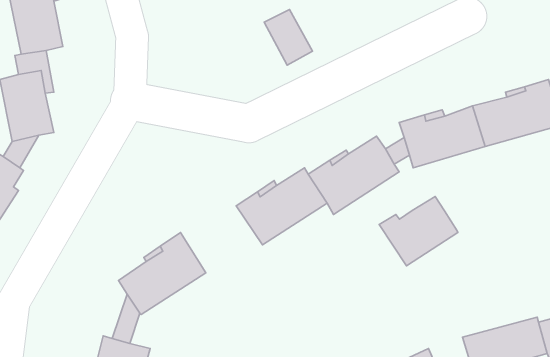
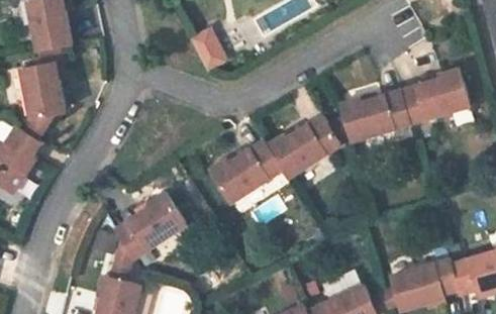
building: [264,10,312,65] -> [190,27,228,72]
building: [379,197,458,266] -> none

